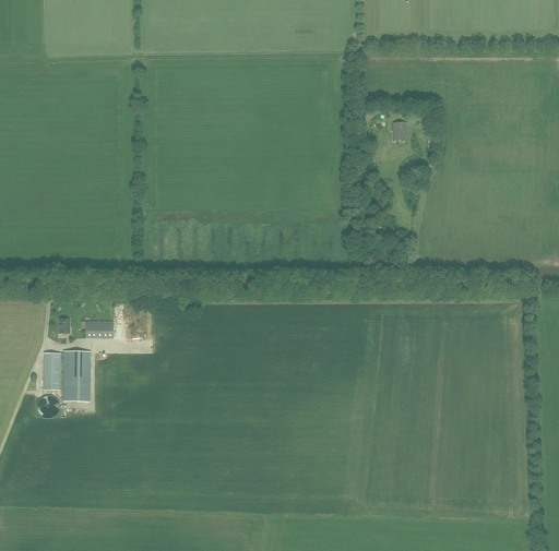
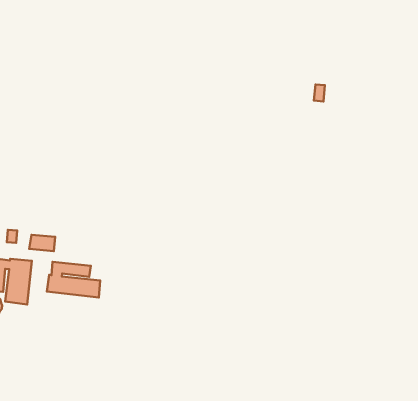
building: none -> [47,262,100,297]

